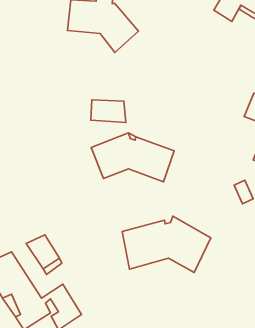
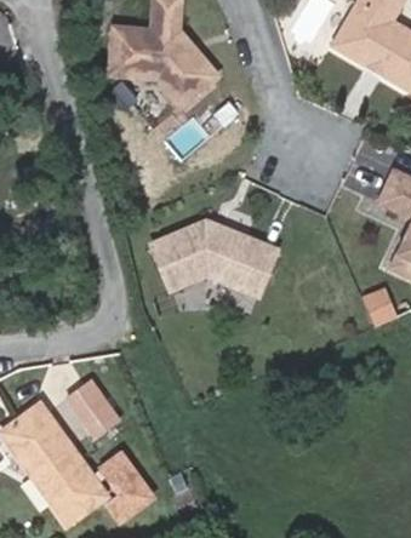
building: [91,100,126,123] -> none
building: [122,216,211,273] -> none

